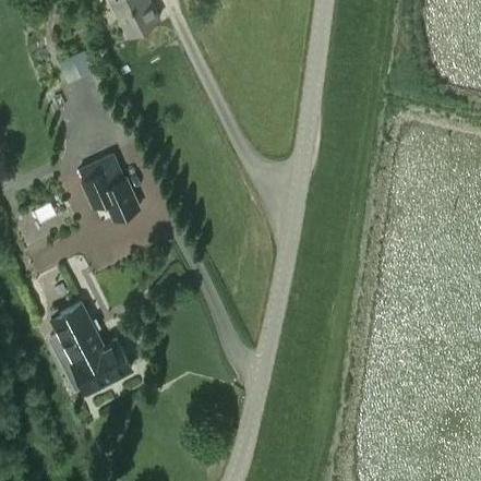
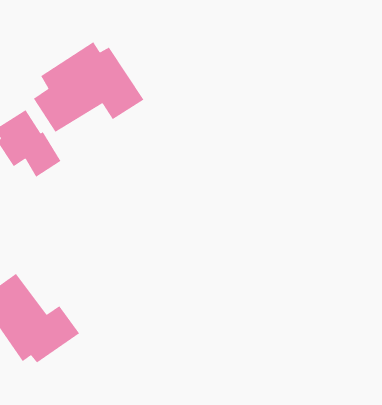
building: none -> [33,41,144,133]

